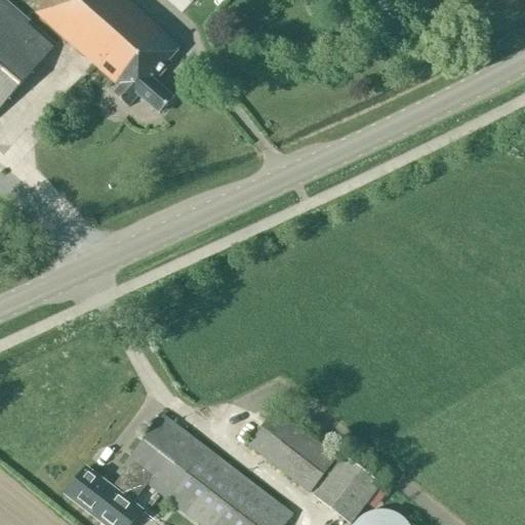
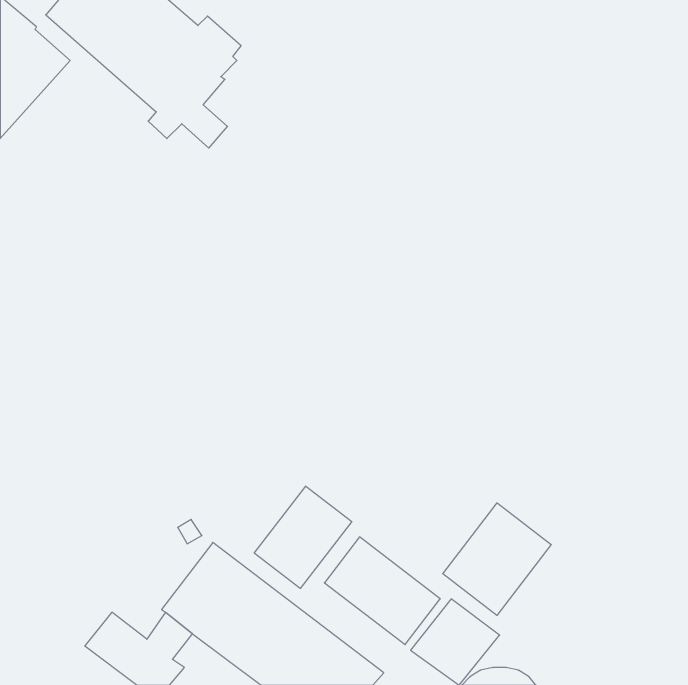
building: none -> [254,486,352,588]
building: none -> [443,503,551,615]

